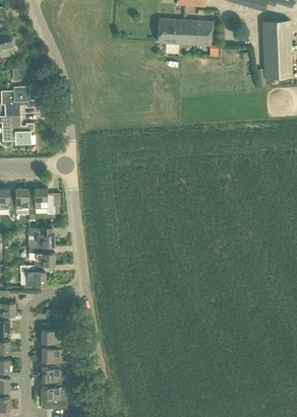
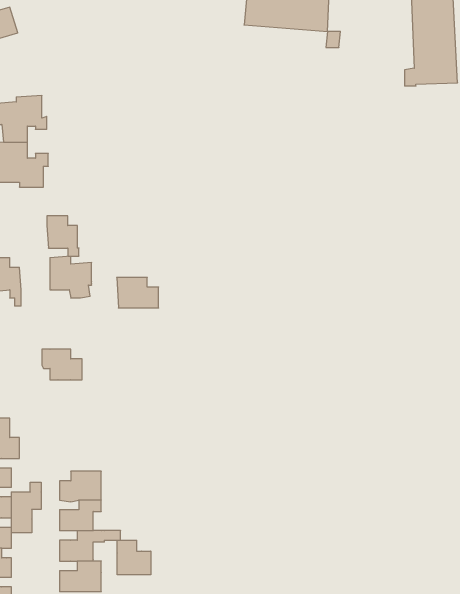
building: [15,189,36,214] -> [47,216,79,256]
building: [28,227,55,247] -> [117,277,159,308]
building: [20,265,46,285] -> none
building: none -> [11,482,41,533]
building: none -> [117,540,151,575]

